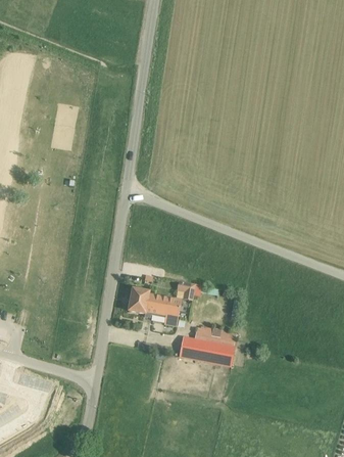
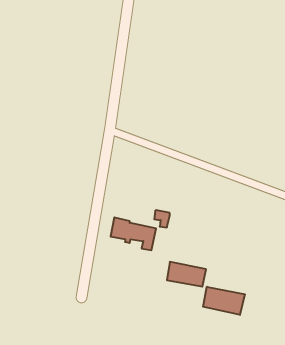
building: none -> [203,287,245,315]

